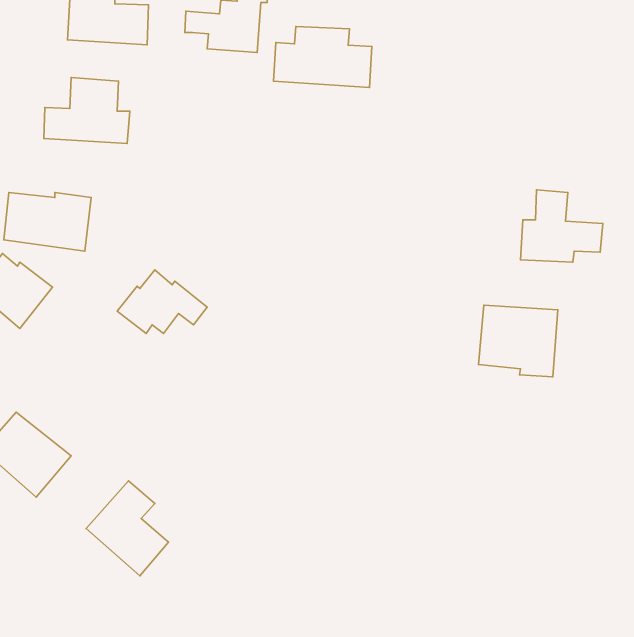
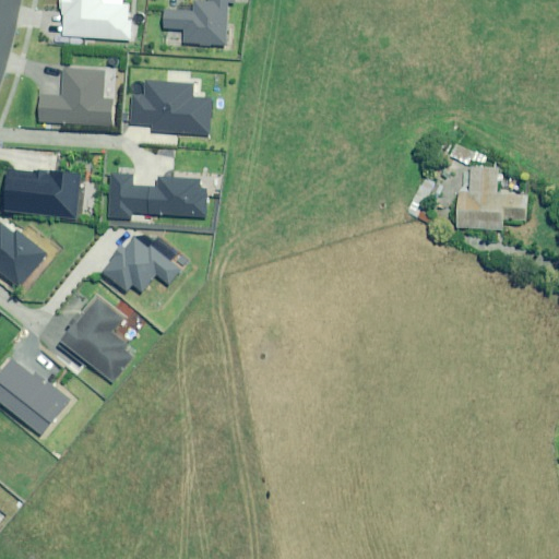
building: [273,26,372,88] -> [126,81,212,134]
building: none -> [108,174,205,218]
building: [479,305,558,377] -> none
building: [86,481,169,576] -> [62,298,134,381]

